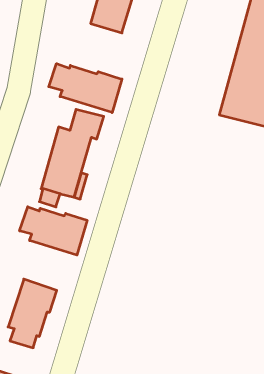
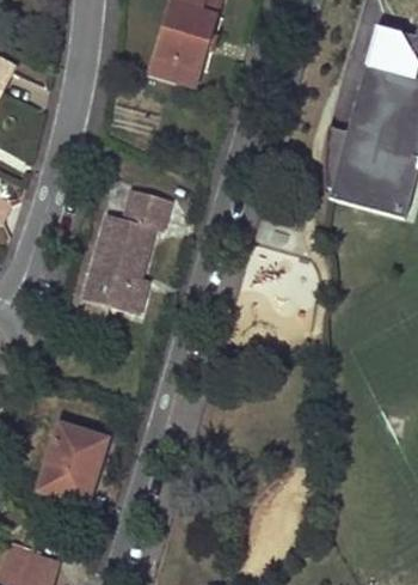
building: [49,64,122,113] -> none
building: [20,207,87,255] -> none

